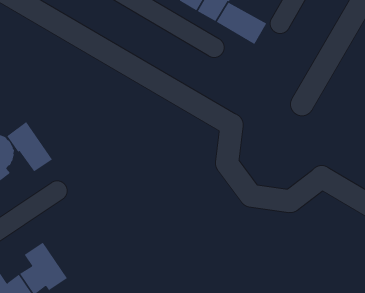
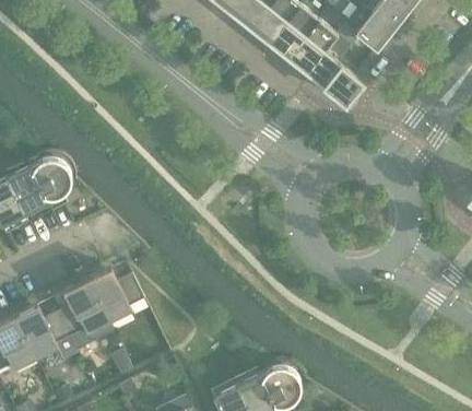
building: [6,121,53,172] -> none
building: none -> [88,271,144,325]

